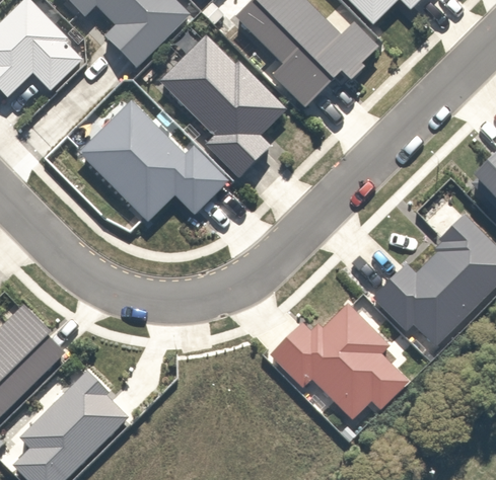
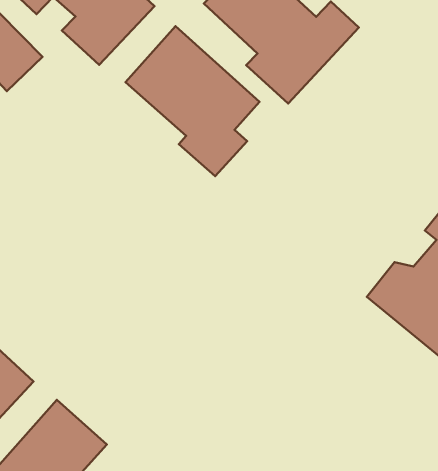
building: [83,106,225,219] -> none
building: [264,296,400,426] -> none

